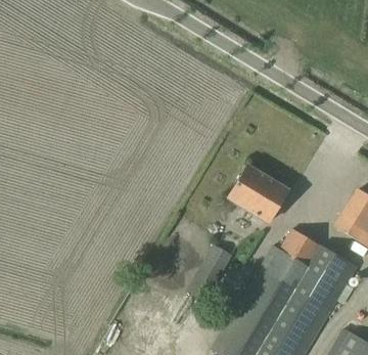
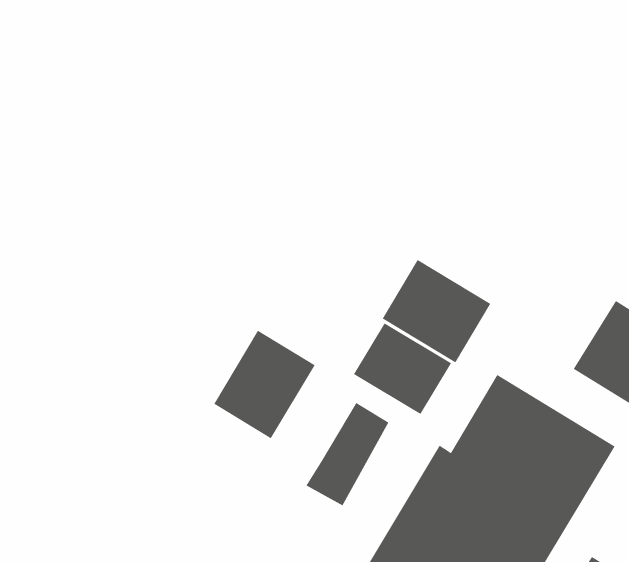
building: none -> [353,322,452,415]
building: none -> [213,330,315,439]

